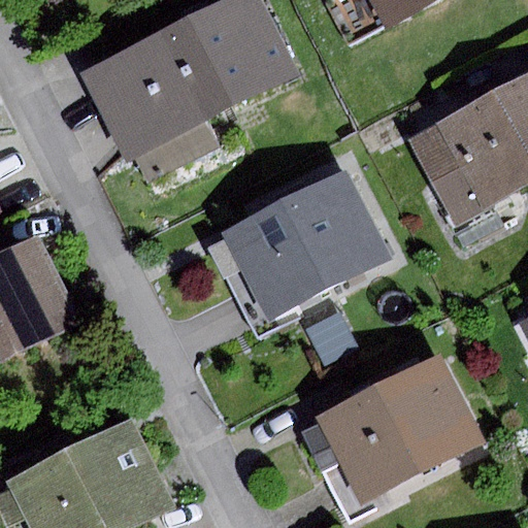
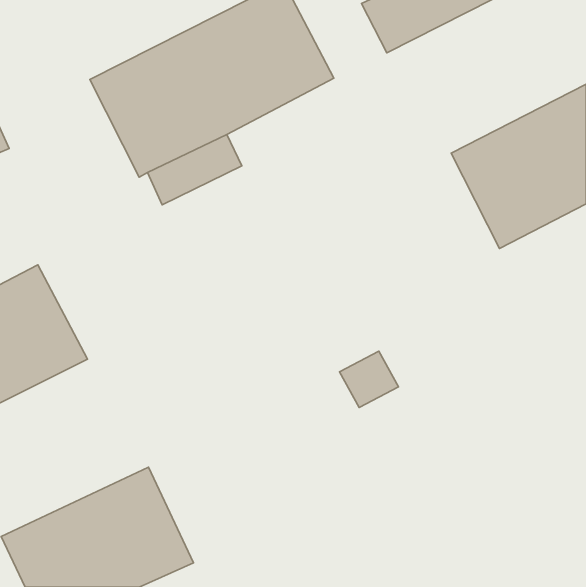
building: [222,166,392,319] -> none
building: [316,355,483,499] -> none

